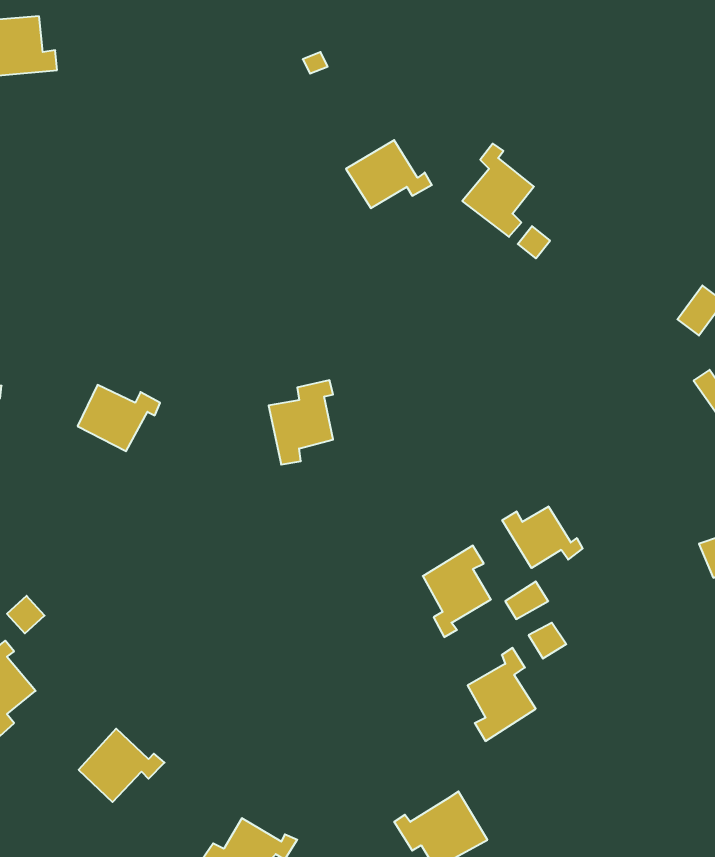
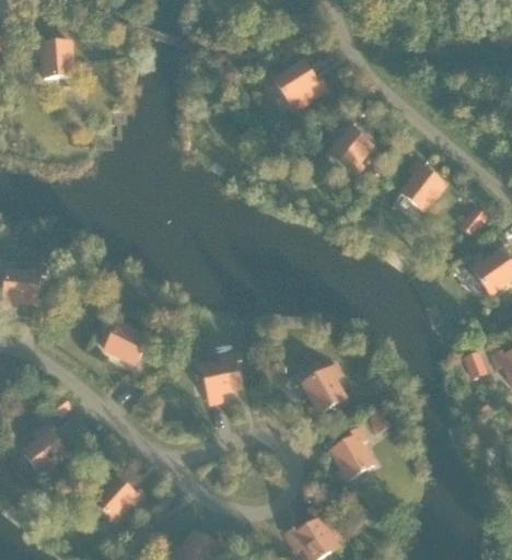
building: [346,140,432,208] -> [274,61,326,103]
building: none -> [400,158,444,211]
building: [269,380,333,465] -> [201,351,241,402]
building: [78,385,160,451] -> [105,324,155,364]
building: [502,506,583,568] -> none

